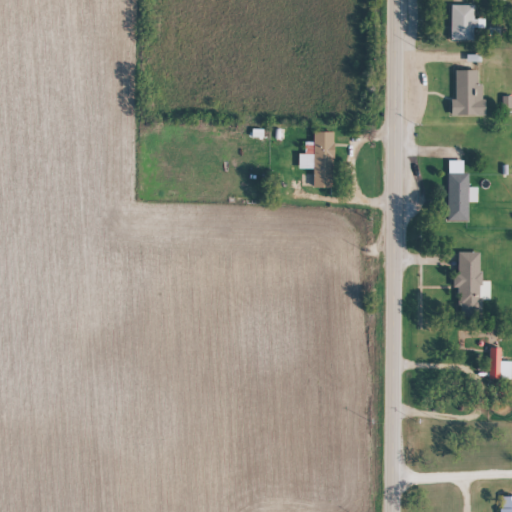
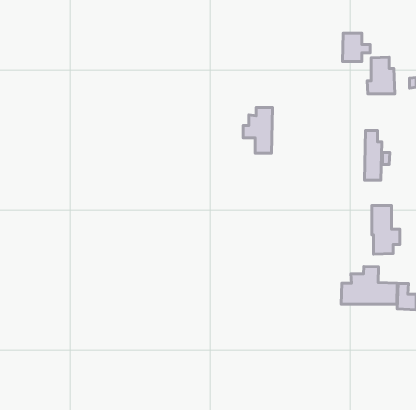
building: [450,5,484,40] -> [342,33,370,62]
building: none -> [341,267,397,304]

